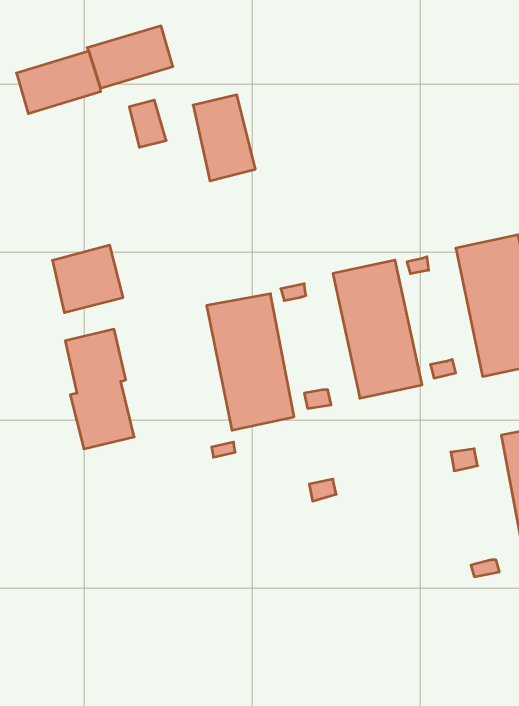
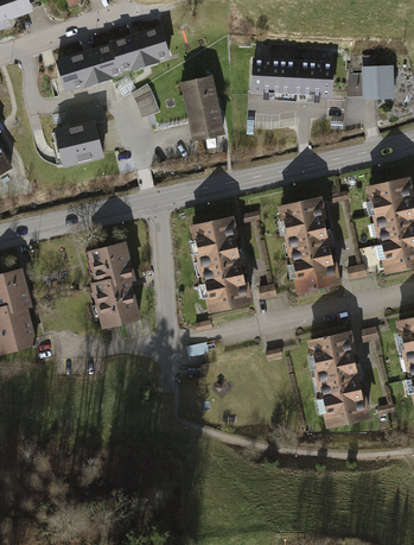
building: none -> [363,55,396,96]
building: none -> [249,58,333,99]
building: [52,245,123,313] -> [53,120,103,167]
building: none -> [307,329,368,427]

